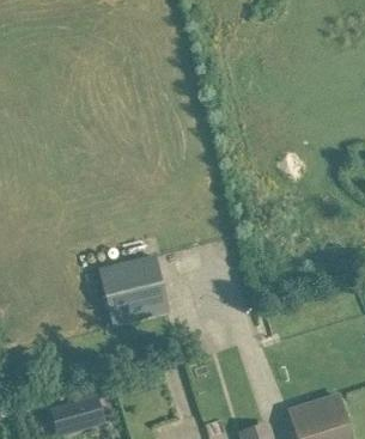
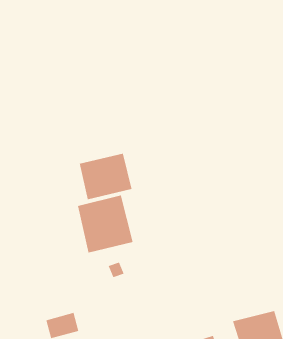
building: none -> [79,153,132,200]

